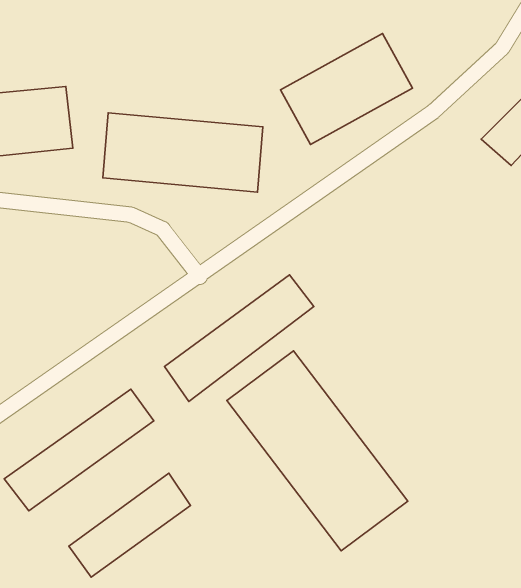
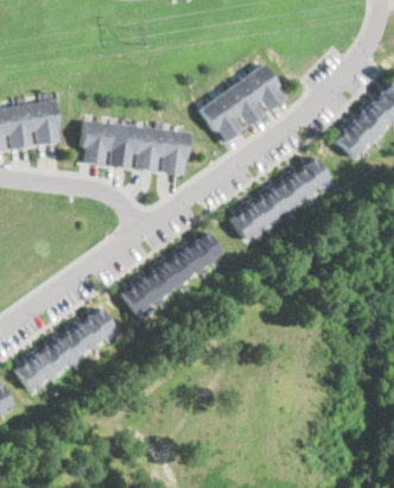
building: none -> [230,156,332,242]
building: [227,351,408,551] -> none
building: [69,473,191,577] -> none

